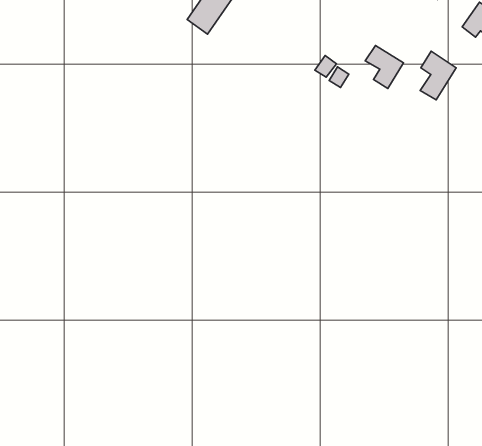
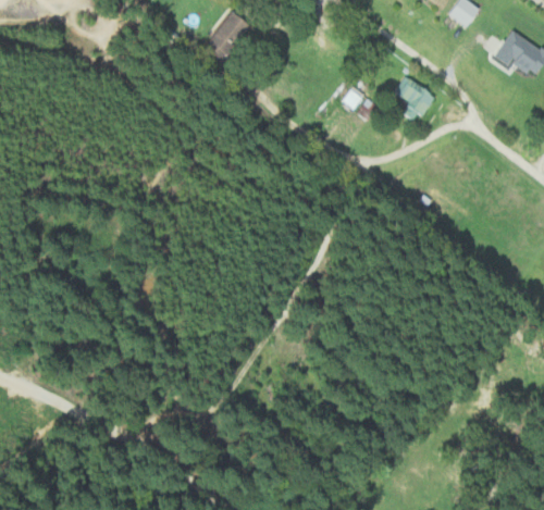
building: [420,51,456,100] -> none

